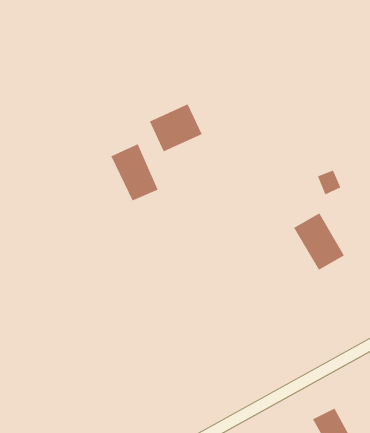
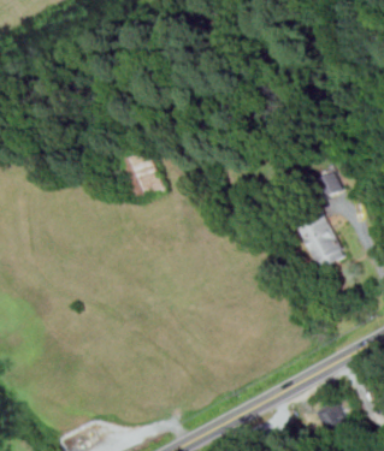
building: [149,103,202,152] -> none

